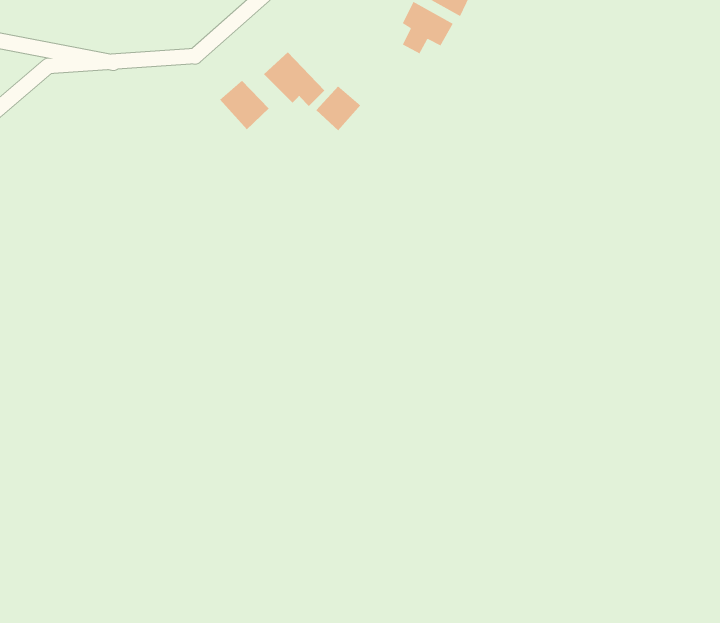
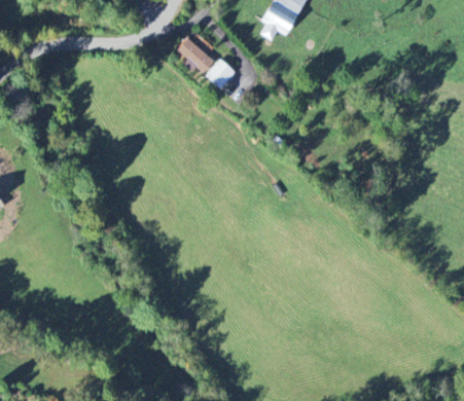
building: [219,80,270,130] -> none

